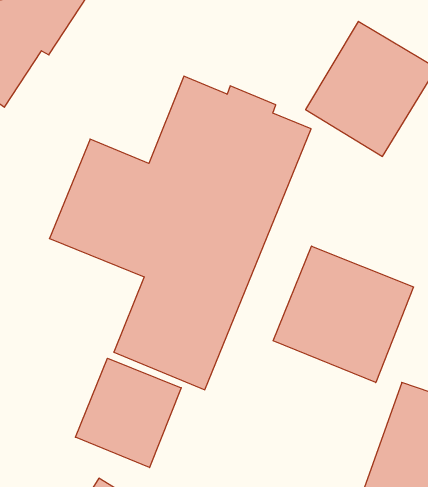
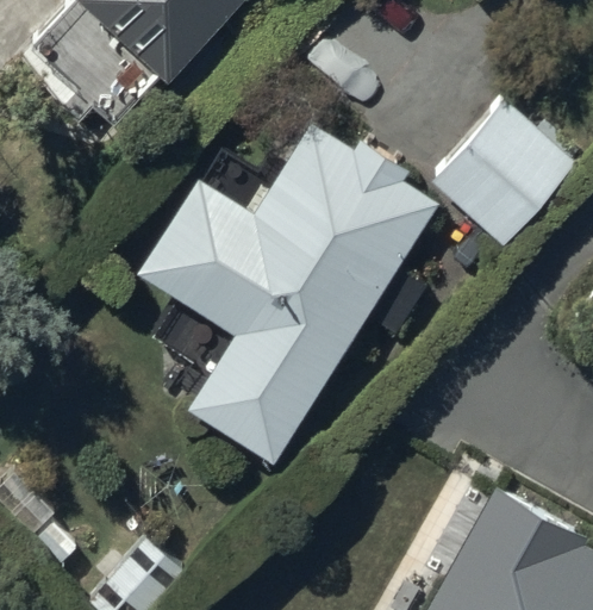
building: [273,246,414,383] -> none
building: [75,358,181,468] -> none

